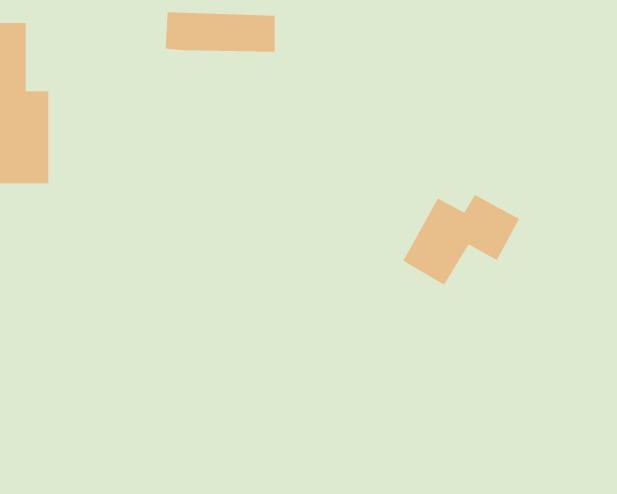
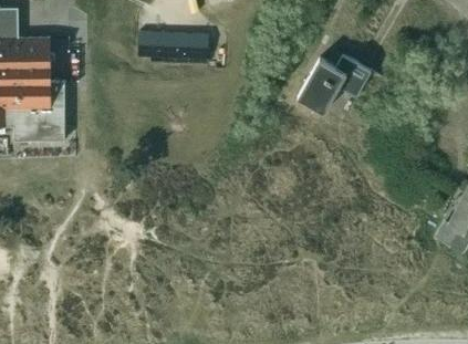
building: [402,194,520,286] -> [297,53,371,111]

